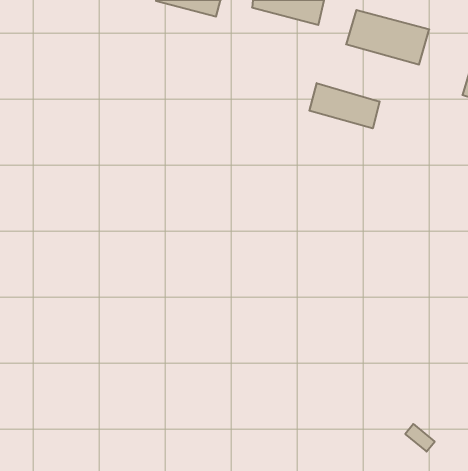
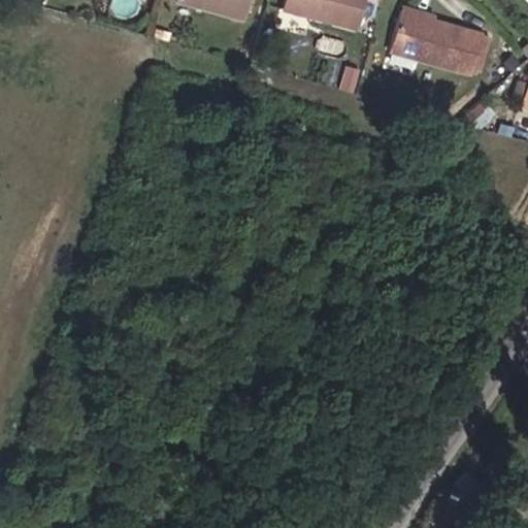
building: [309,83,380,128] -> none

